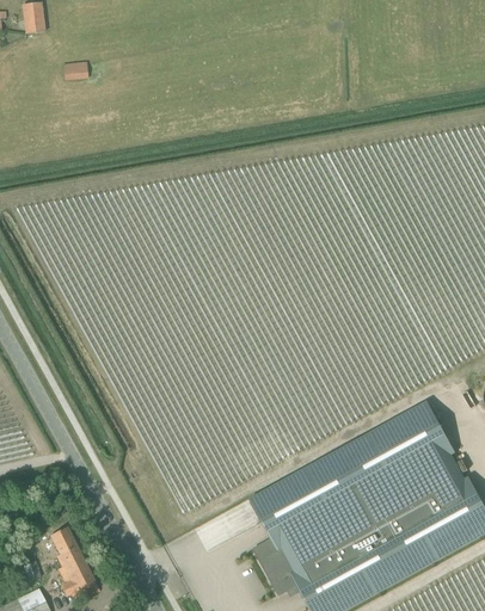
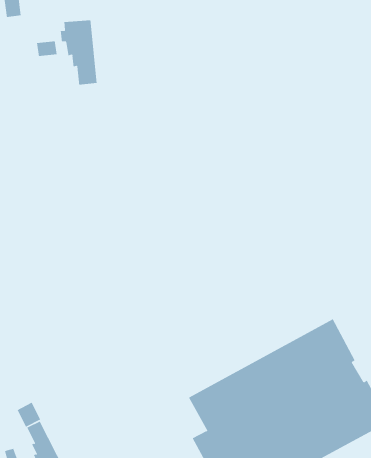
building: none -> [60,20,97,86]
building: none -> [17,402,41,428]

